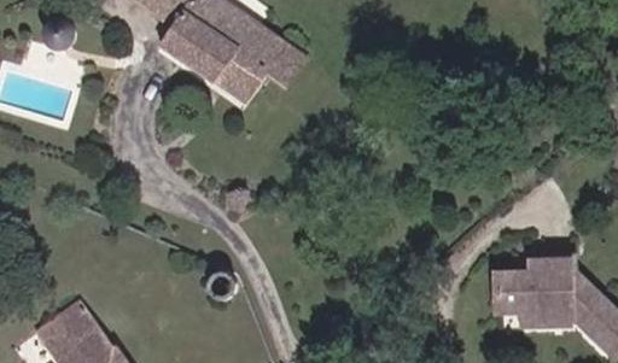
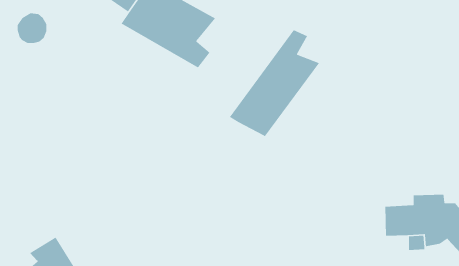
building: [252,30,302,80] -> none
building: none -> [229,29,320,137]

